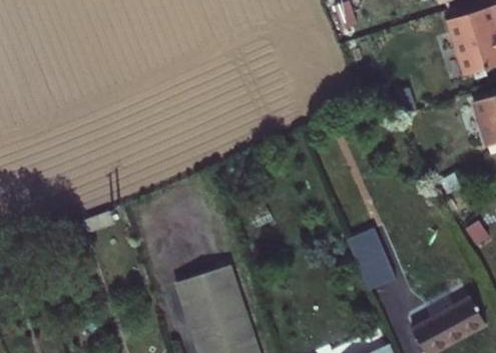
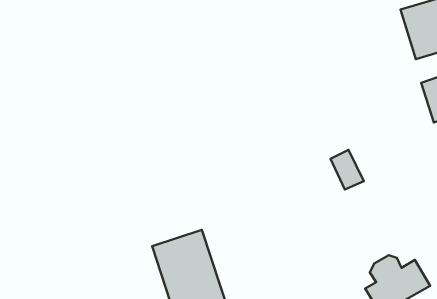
building: [349,234,386,278] -> [331,150,364,189]

